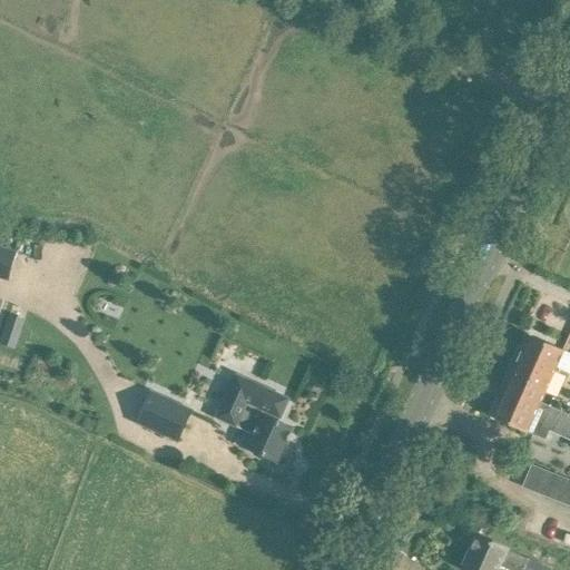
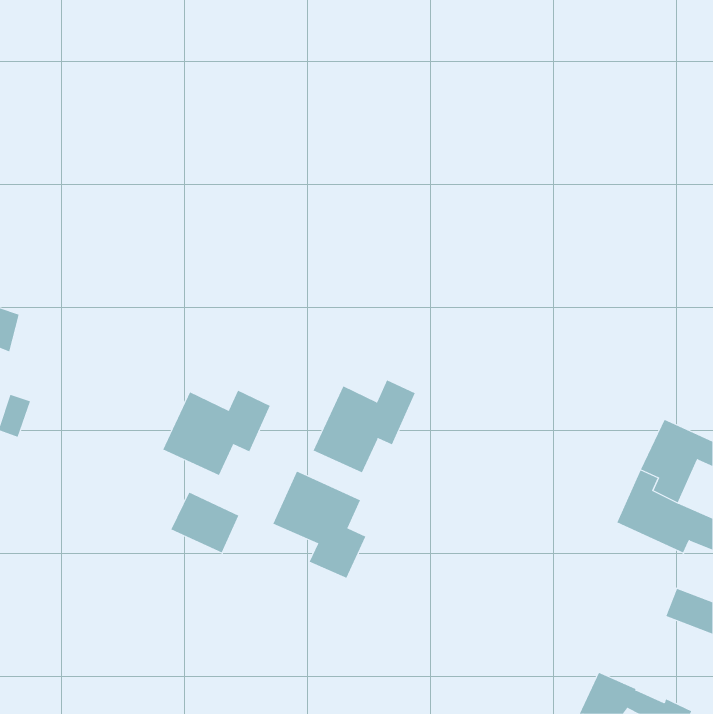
building: none -> [313,379,416,473]
building: none -> [163,390,271,476]

